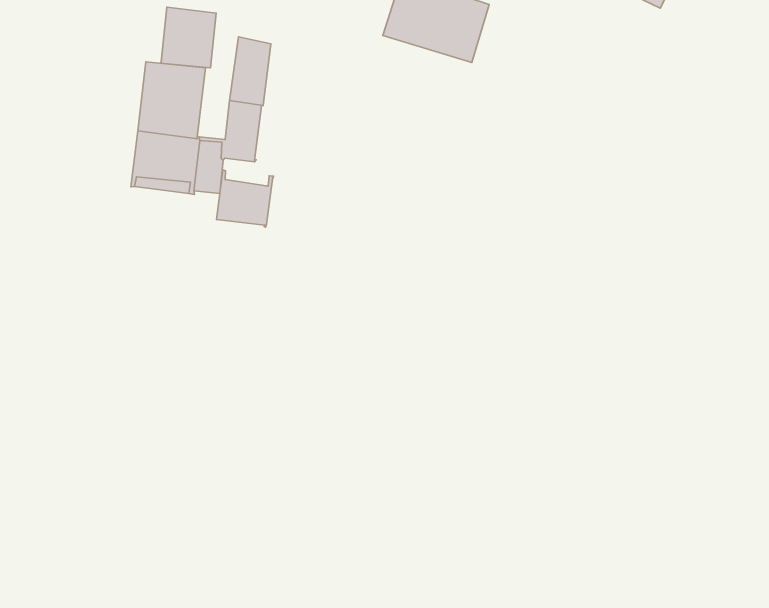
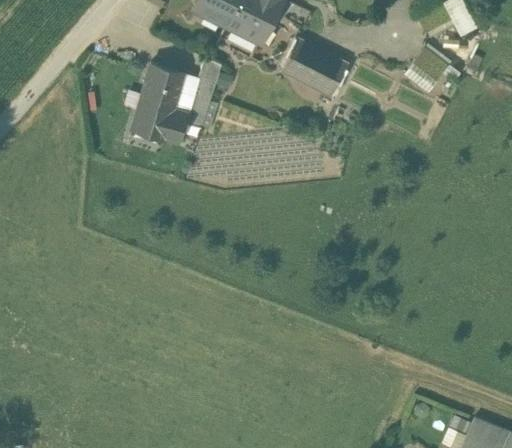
building: [160,7,216,68] -> none
building: [217,170,274,227] -> none

